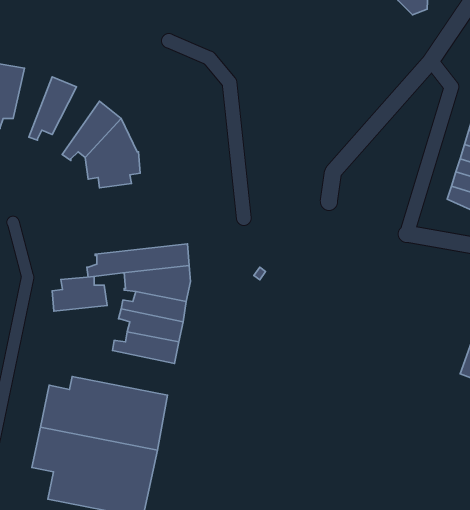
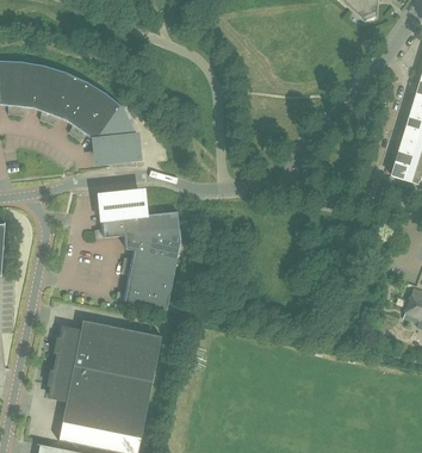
building: none -> [33,64,66,122]
building: none -> [66,80,105,136]
building: [52,277,107,311] -> [100,190,145,218]

